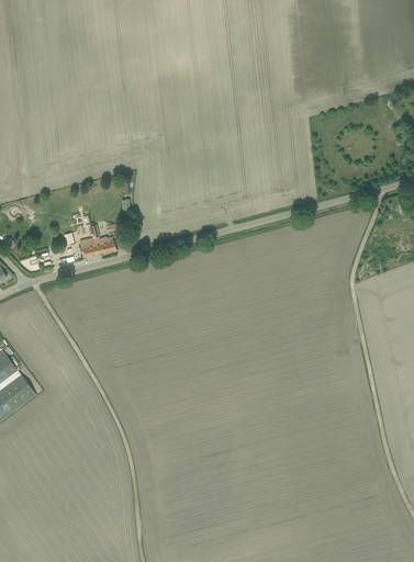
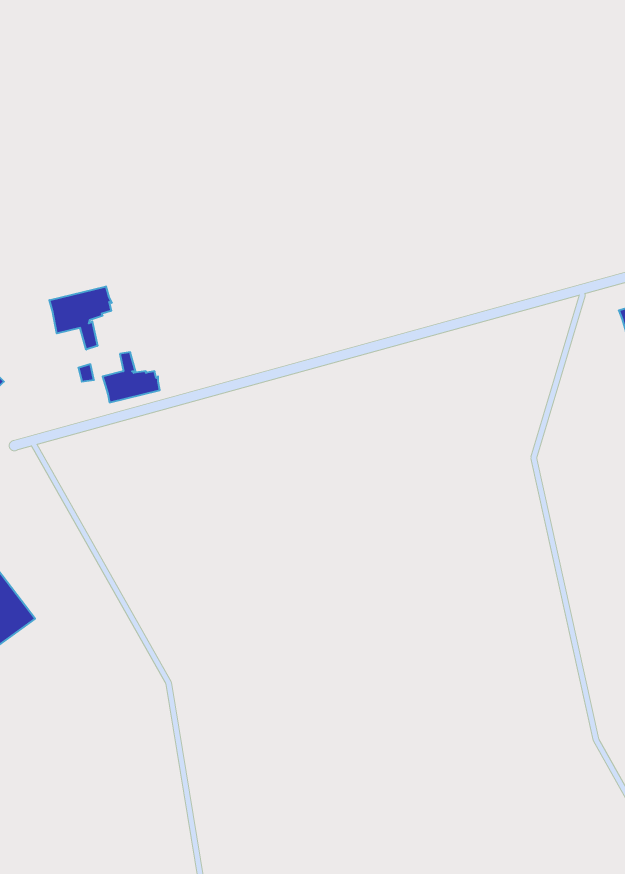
building: none -> [49,286,112,350]

